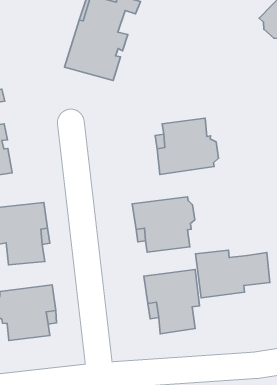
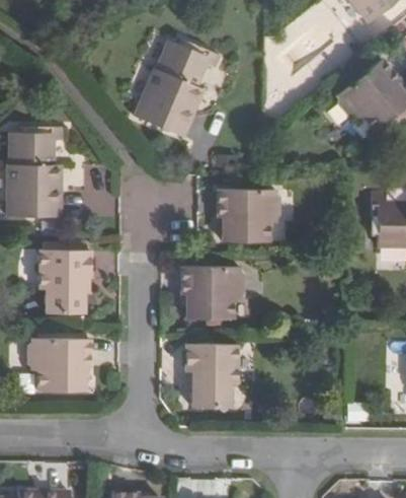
building: [196,250,270,298] -> none

